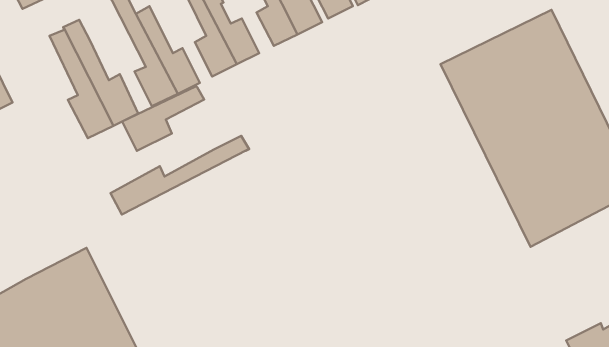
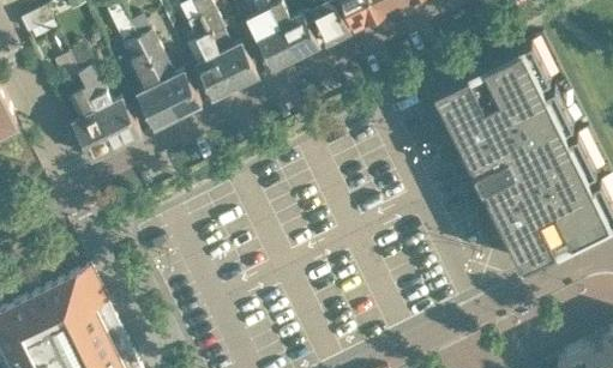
building: [122,86,204,151] -> none
building: [110,136,249,215] -> none

